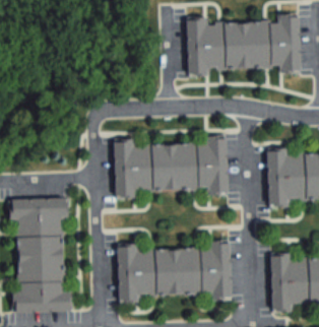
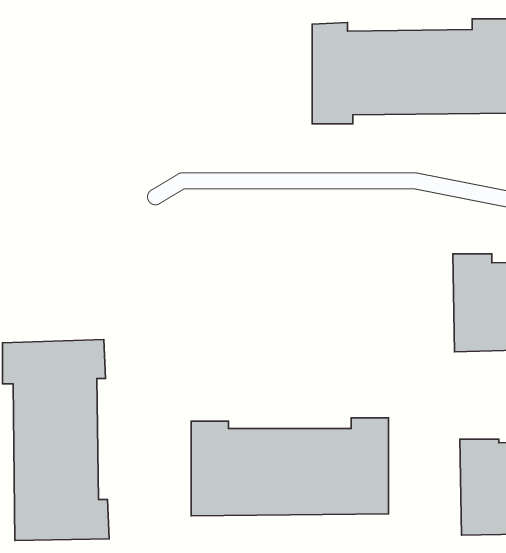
building: [113,136,227,194] -> none

